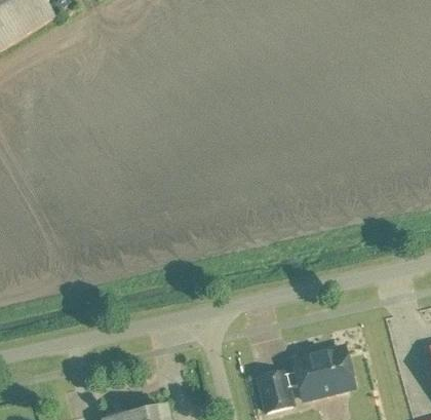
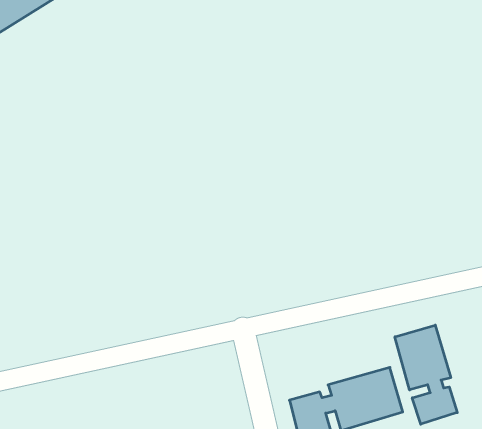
building: none -> [395,325,457,424]

